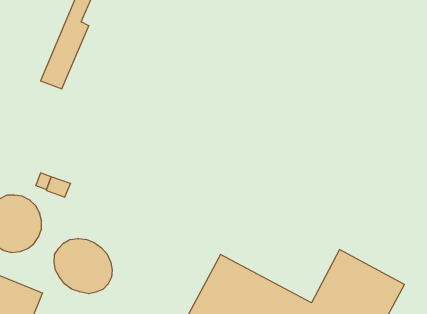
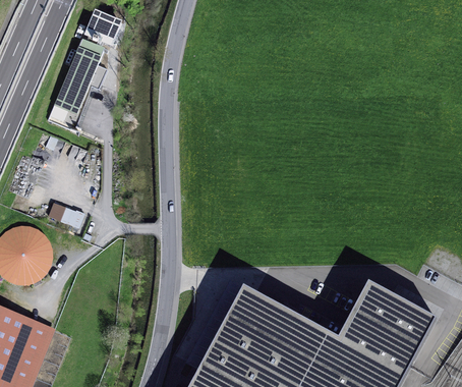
building: [54,238,112,294] -> none

